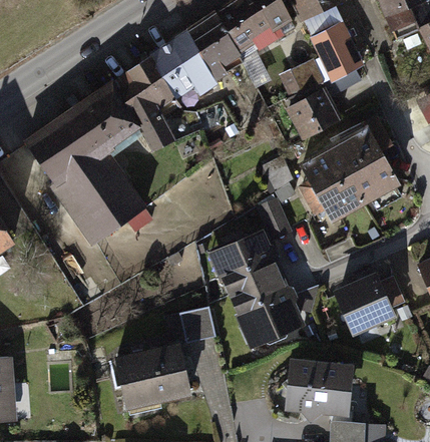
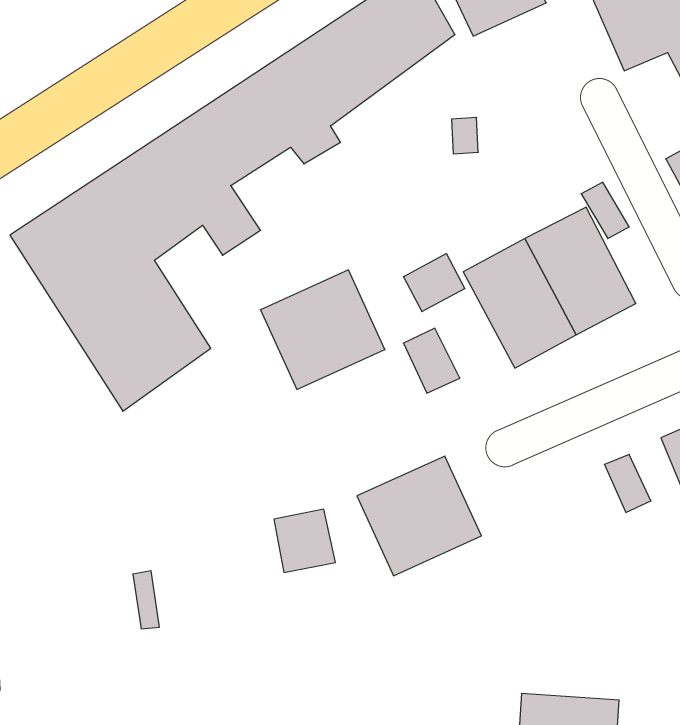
building: [310,23,366,84] -> none
building: [286,89,344,142] -> none
building: [209,230,285,302] -> [260,270,385,389]
building: [331,273,395,340] -> none
building: [110,330,189,408] -> none
building: [285,359,351,415] -> none

